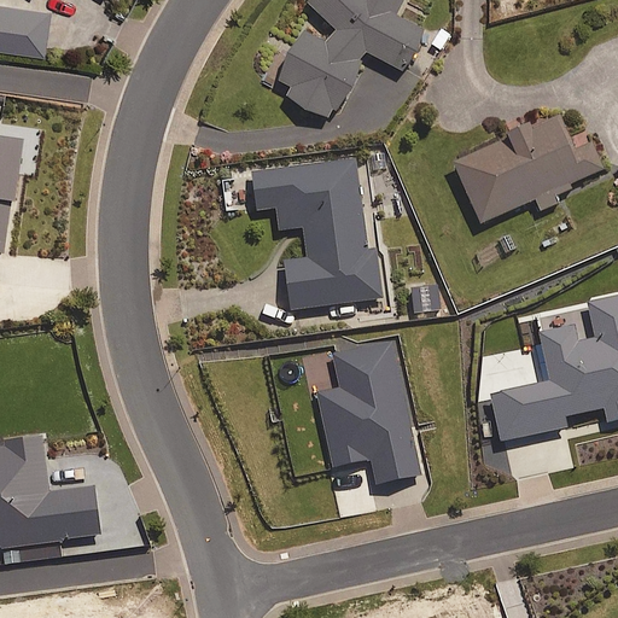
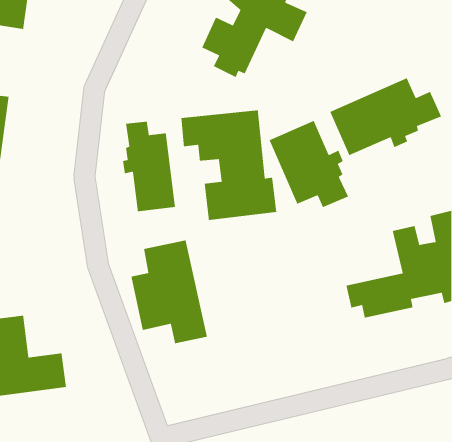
building: none -> [269,120,349,208]
building: none -> [122,121,176,212]
building: [316,343,420,484] -> [131,239,208,344]

